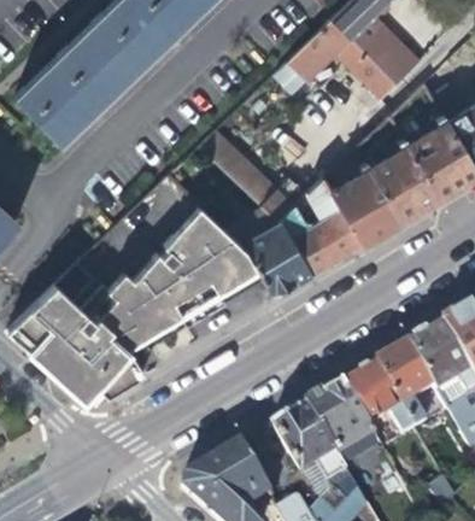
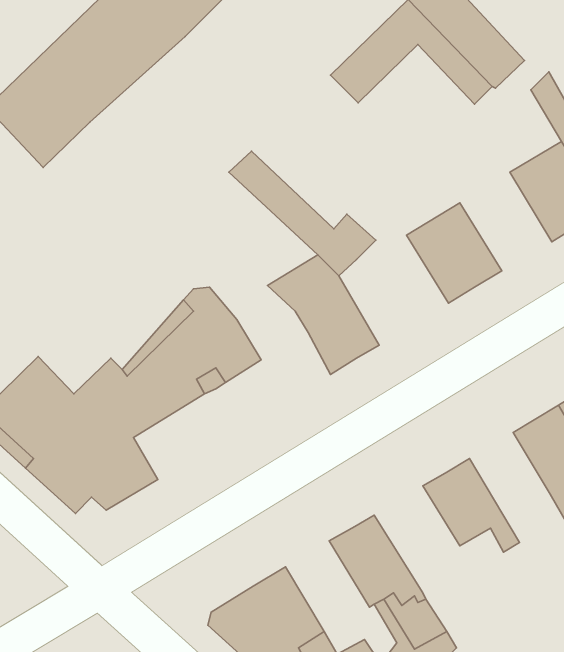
building: [371,147,440,221] -> none
building: [281,182,363,276] -> none
building: [172,205,258,287] -> none
building: [379,341,439,423] -> none
building: [307,381,380,461] -> none

